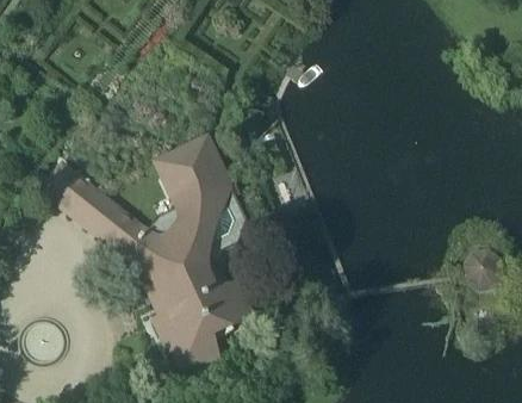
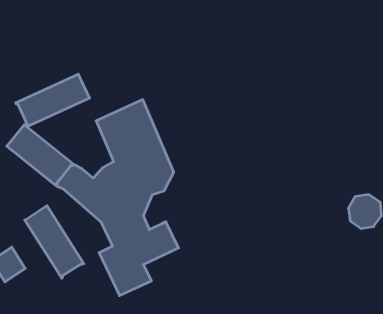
building: none -> [16,74,90,127]
building: none -> [25,206,84,278]

